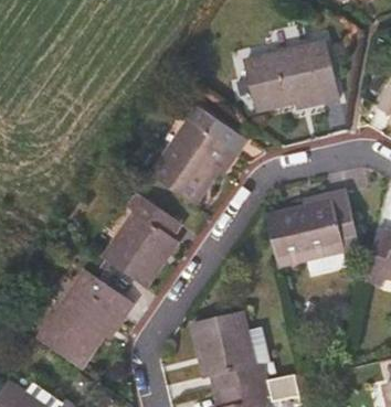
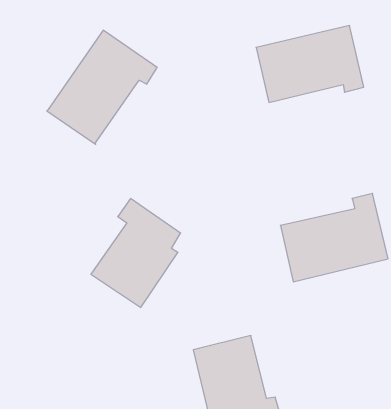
building: [150,106,245,204] -> [47,30,157,144]
building: [38,269,133,367] -> none

